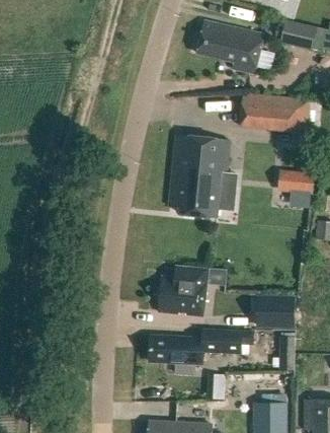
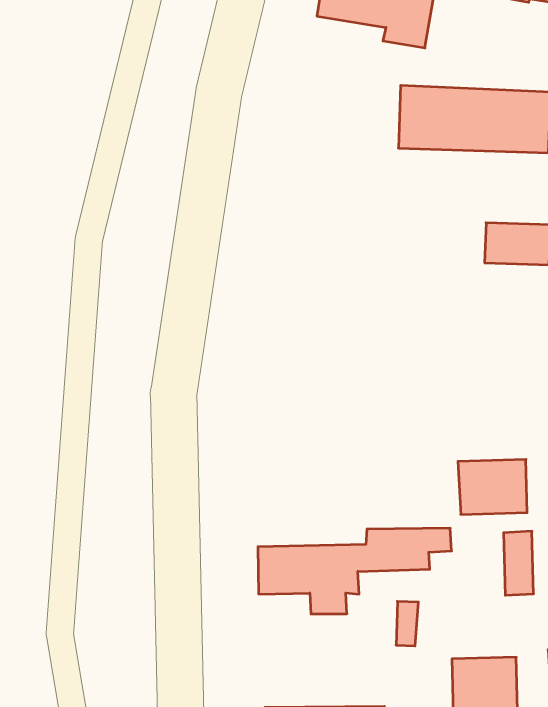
building: [171,135,236,217] -> none
building: [160,266,208,315] -> none

